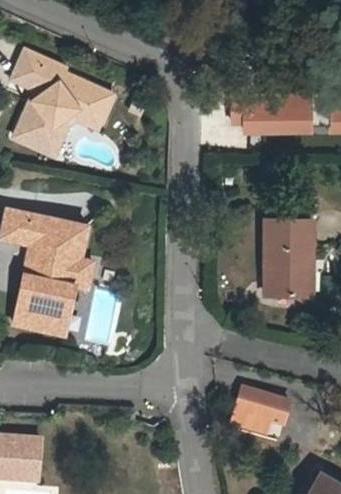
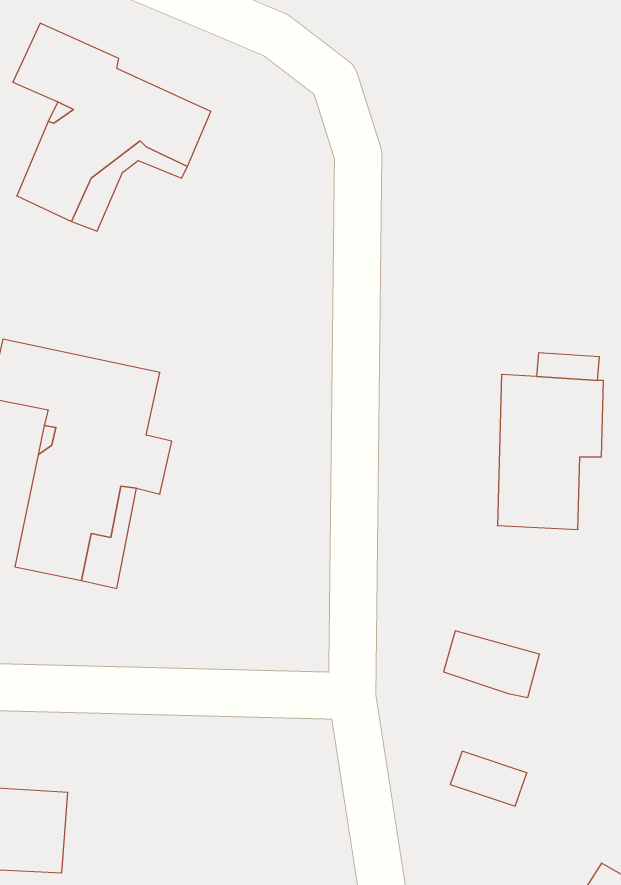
building: [227,89,311,130] -> none
building: [242,397,291,431] -> [444,631,540,697]

